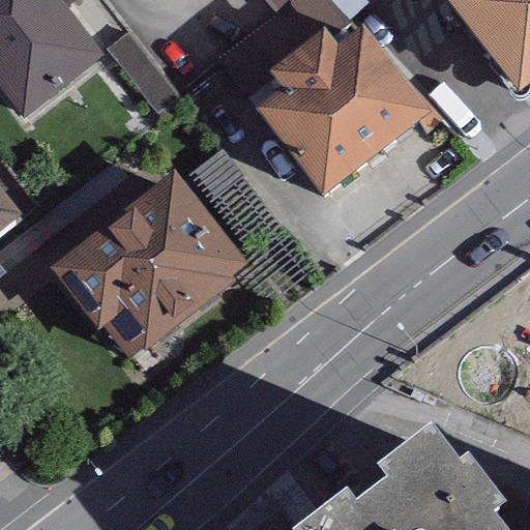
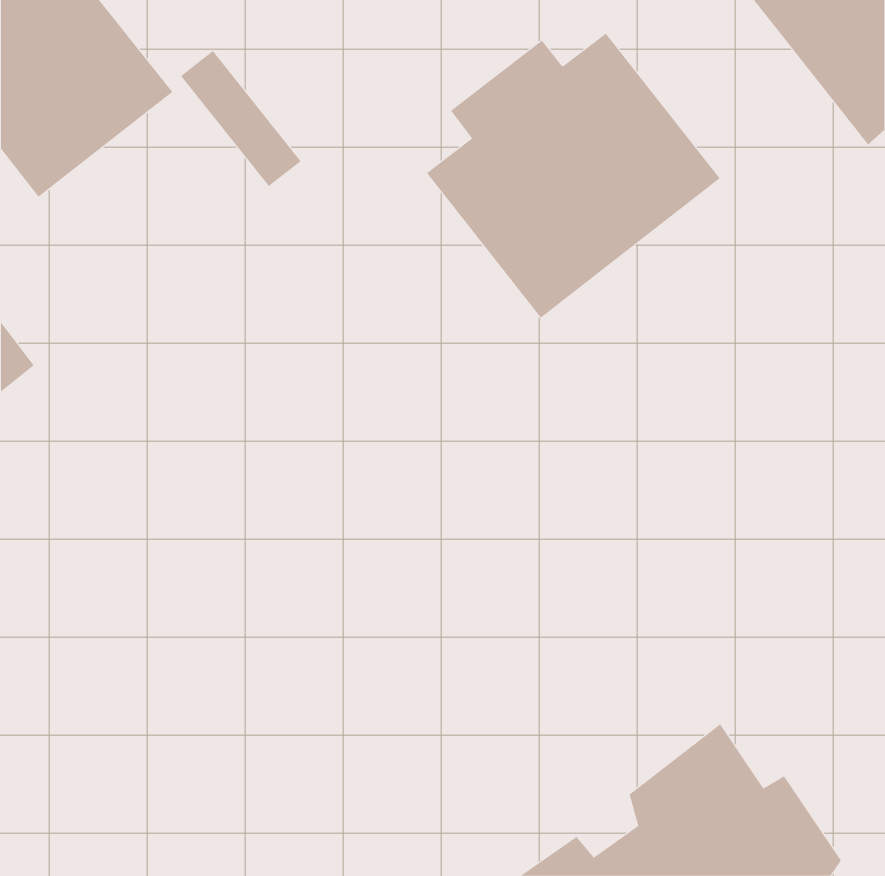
building: [50,172,247,359] -> none

